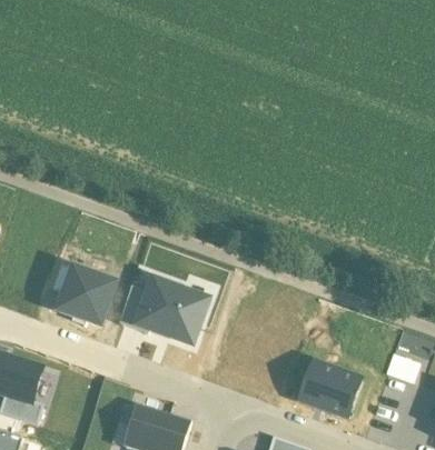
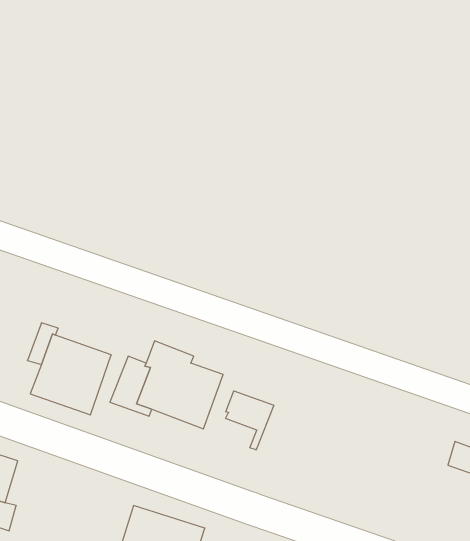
building: none -> [226,391,274,450]
building: [296,359,363,420] -> none

